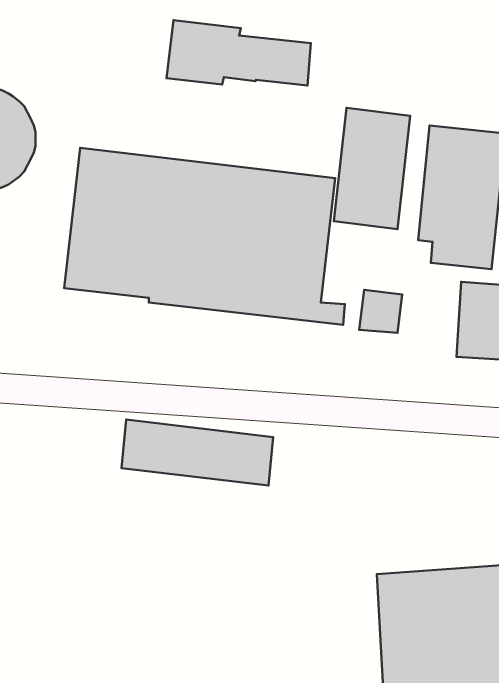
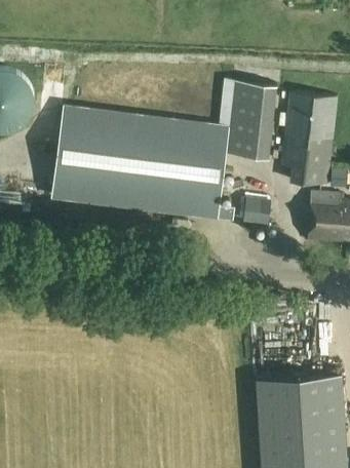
building: [167,20,311,86] -> none
building: [121,420,273,486] -> none

